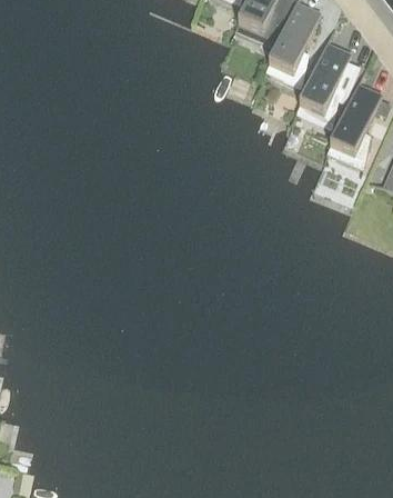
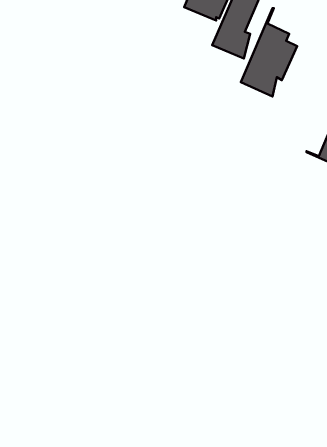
building: [329,64,381,160] -> none

